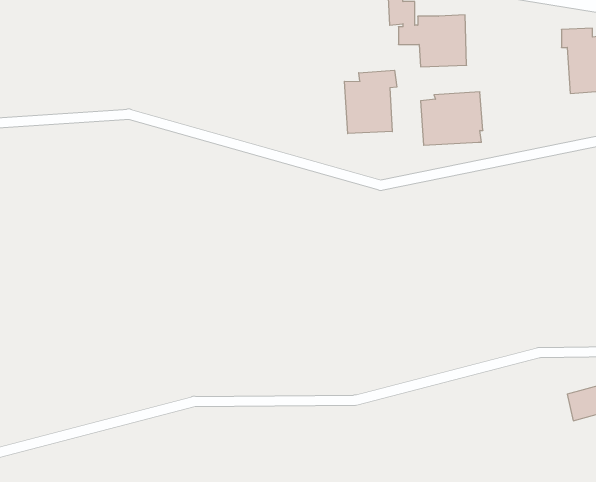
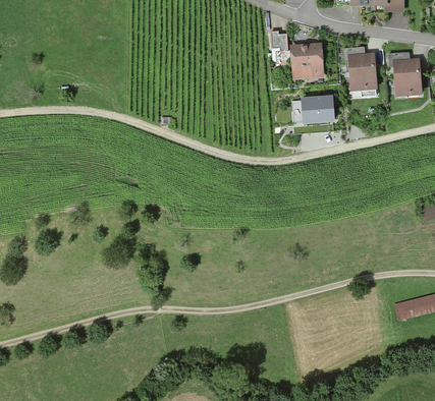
building: none -> [343,46,377,91]
building: [344,70,397,134] -> none

